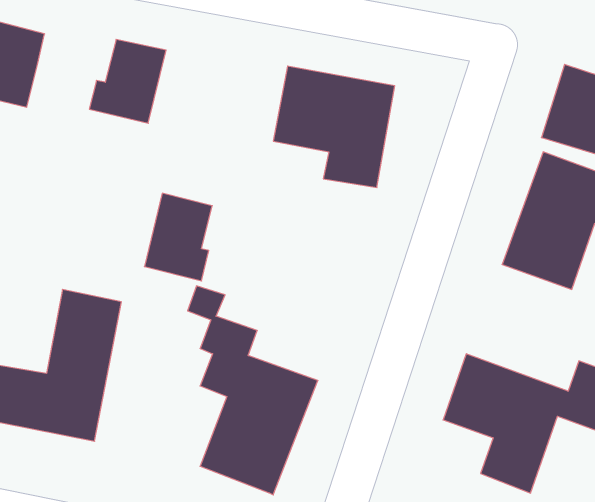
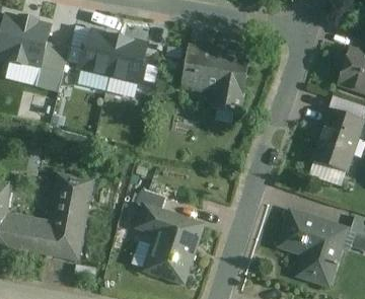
building: none -> [34,45,67,93]
building: [144,193,212,281] -> [108,36,147,86]

